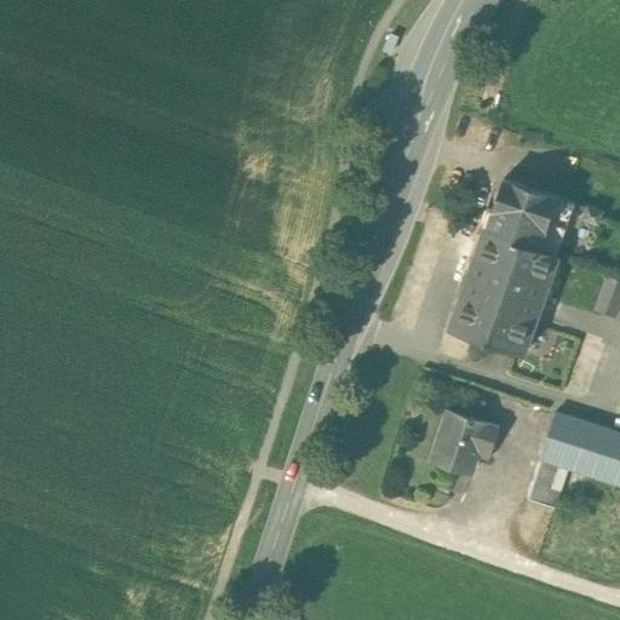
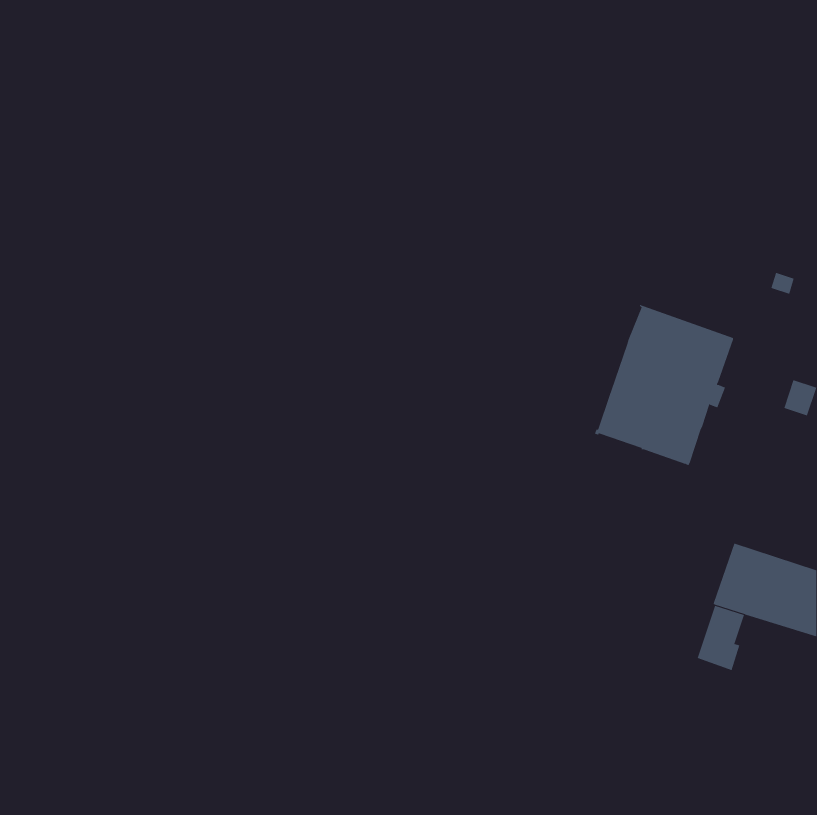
building: [483,179,573,258] -> none
building: [431,411,499,475] -> none

